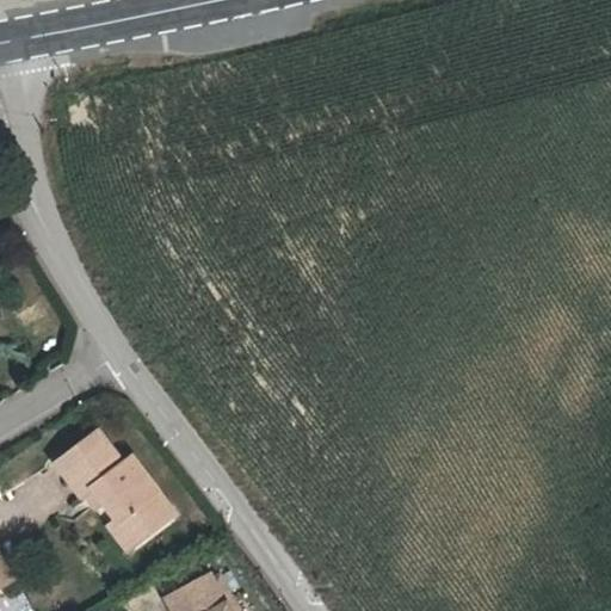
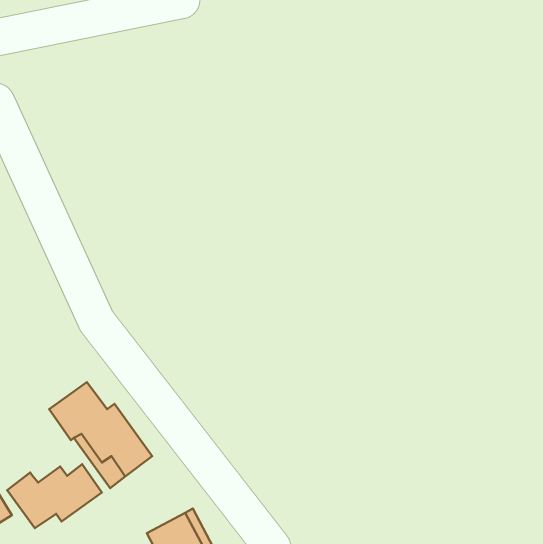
building: none -> [7,464,102,528]

